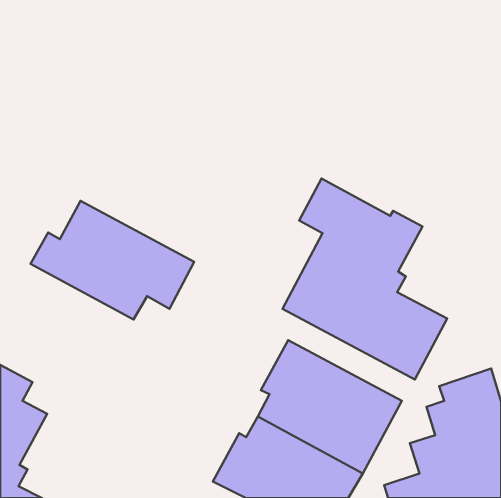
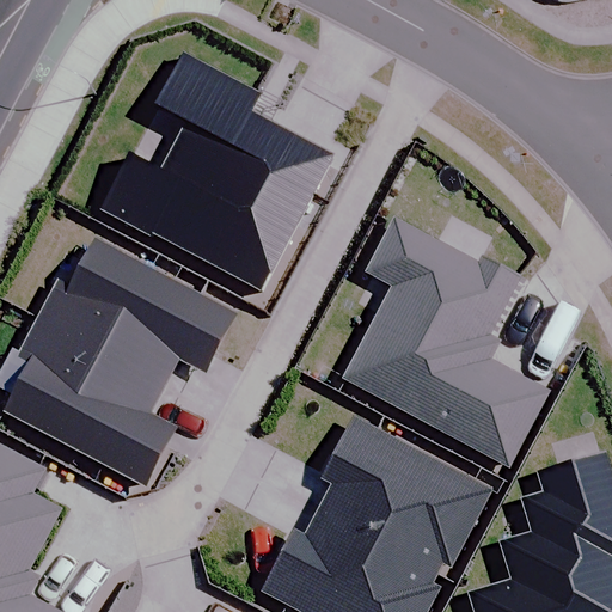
building: none -> [103,60,333,295]
building: none -> [8,322,177,488]

